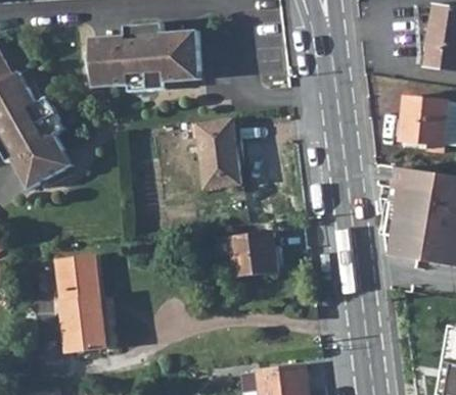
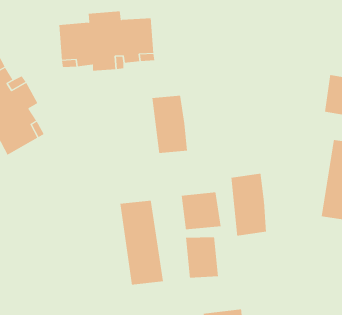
building: none -> [231,173,267,236]
building: [54,254,105,352] -> [120,200,164,285]
building: none -> [185,236,218,279]

